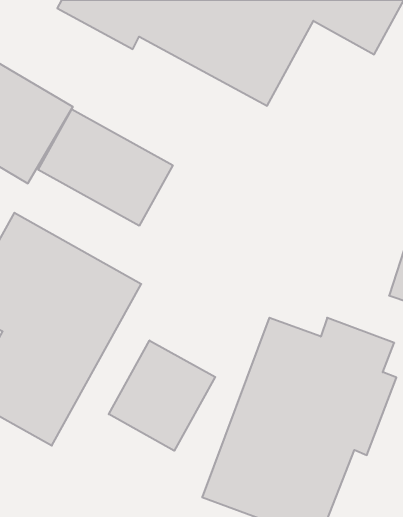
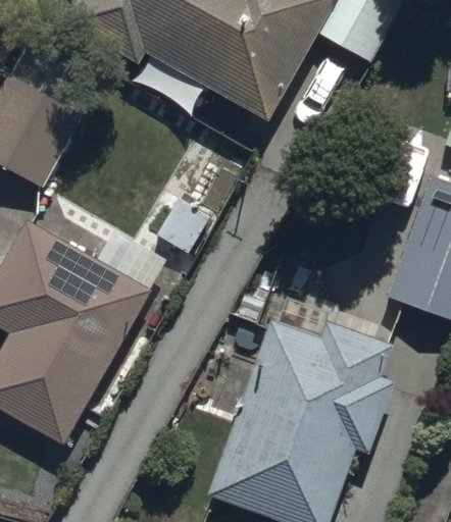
building: [38,109,173,226] -> none
building: [109,340,215,451] -> none

